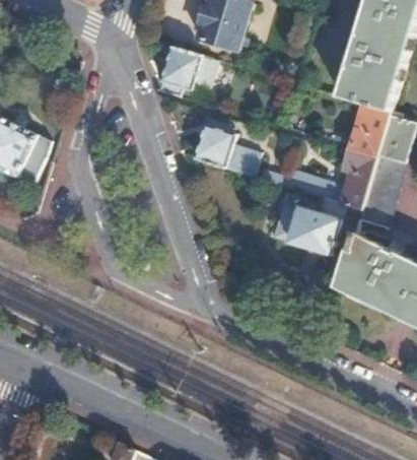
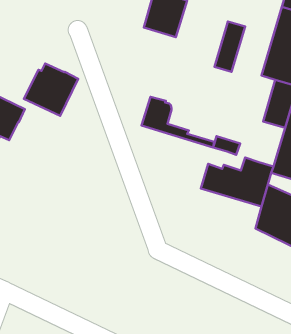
building: none -> [214,22,245,72]
building: [158,47,214,94] -> none
building: none -> [24,63,78,116]
building: [341,154,373,210] -> none

